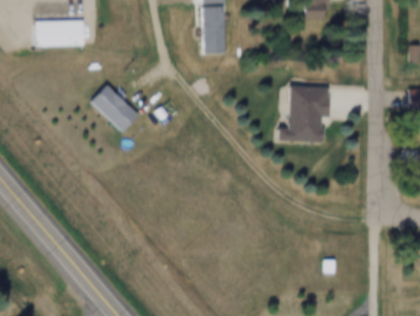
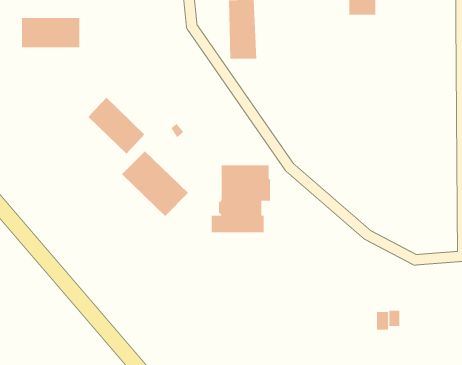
building: [279,86,327,141] -> [211,165,271,233]
building: none -> [121,150,189,217]

